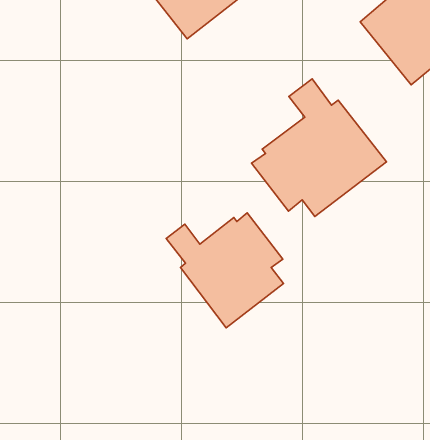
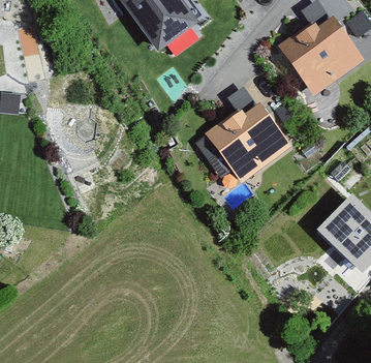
building: [166,213,283,328] -> none

